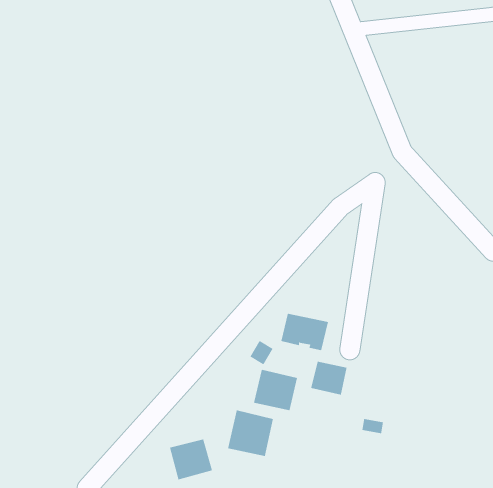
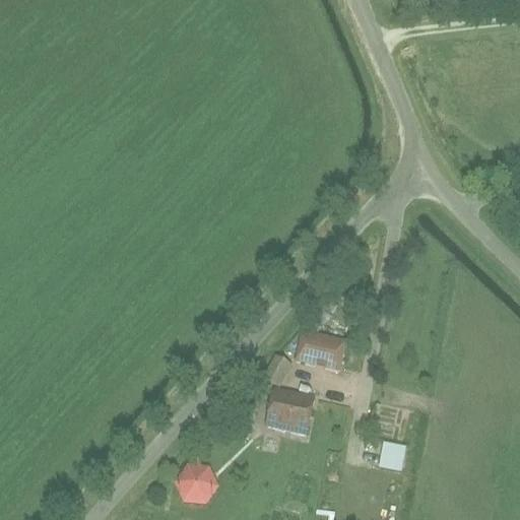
building: [311,361,347,395] -> none
building: [228,409,274,457] -> none

